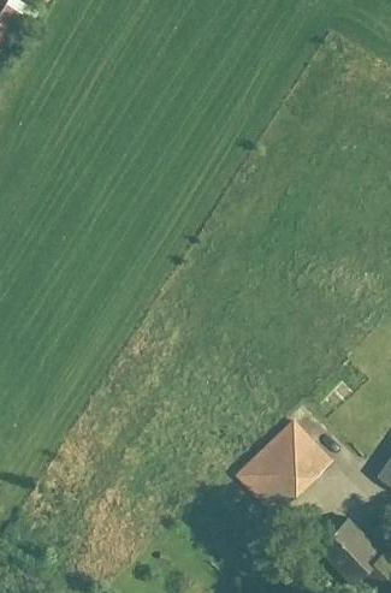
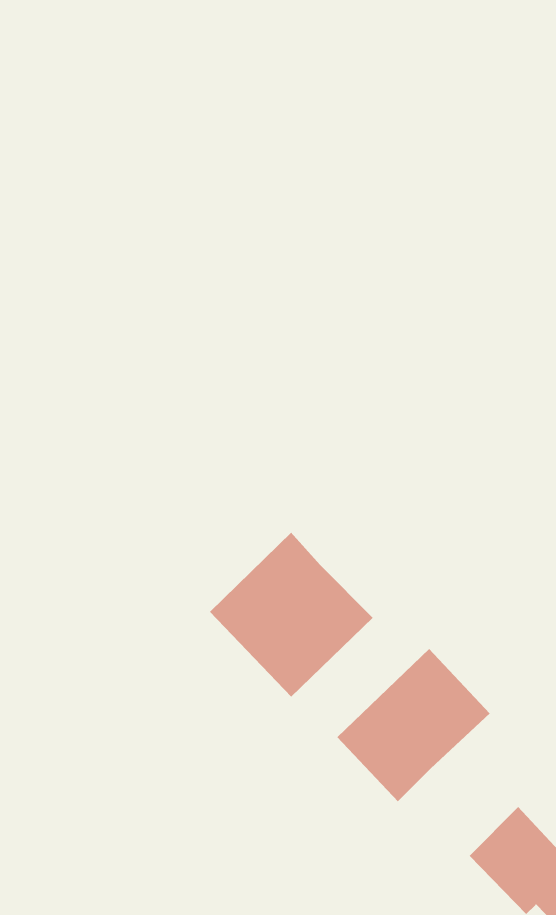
building: none -> [209,532,373,698]

